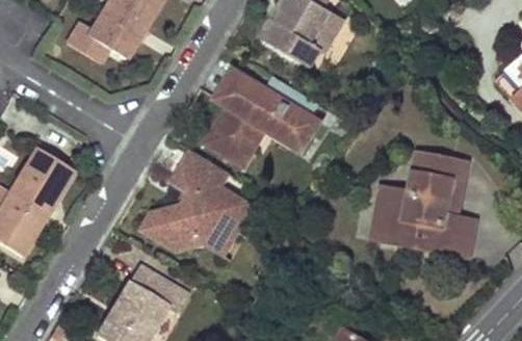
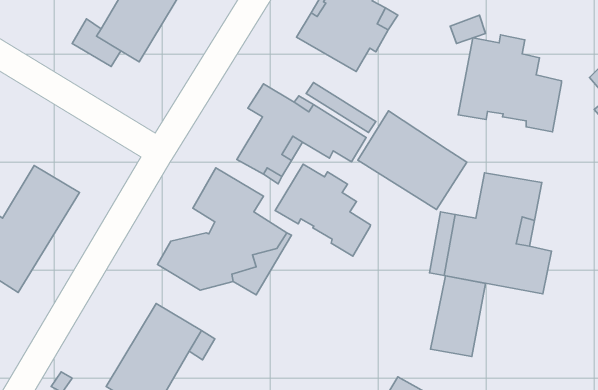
building: none -> [458,35,562,132]
building: none -> [358,111,467,209]
building: none -> [275,164,371,256]
building: none -> [431,276,485,357]

